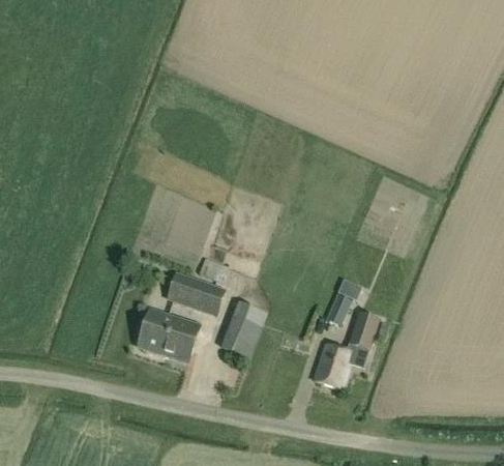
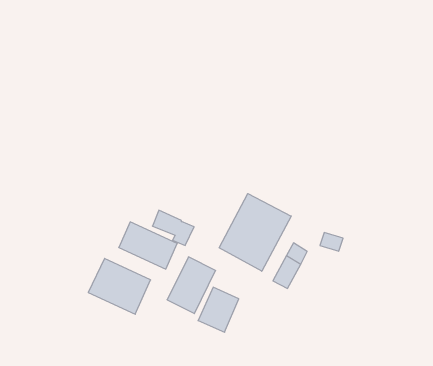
building: none -> [219,194,291,271]
building: [349,312,380,351] -> none
building: [314,345,353,389] -> [198,287,239,332]

